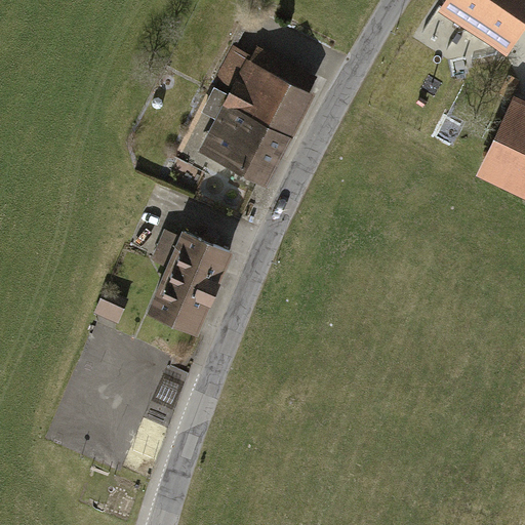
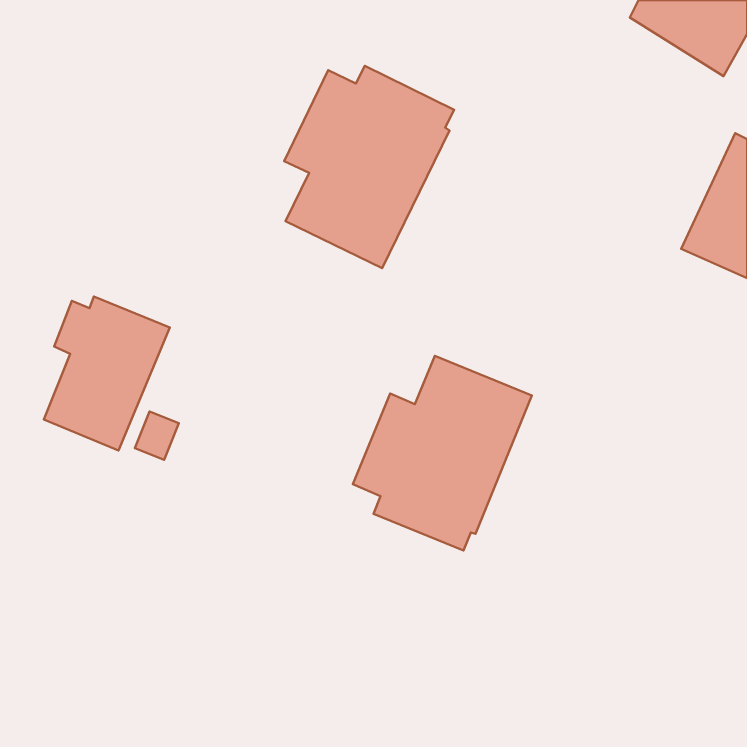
building: [145,227,233,334] -> [44,297,170,450]
building: none -> [353,356,532,550]

